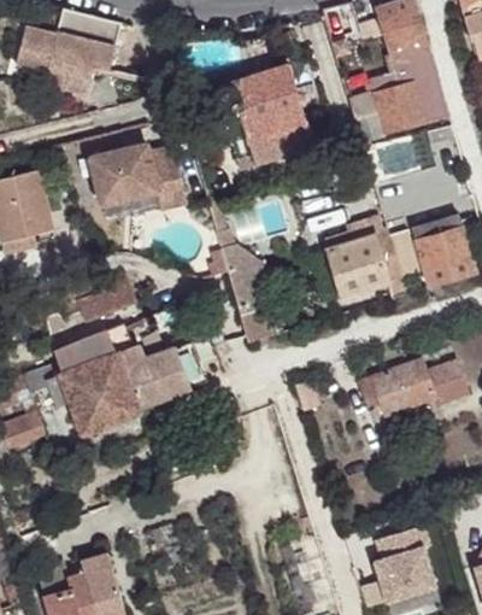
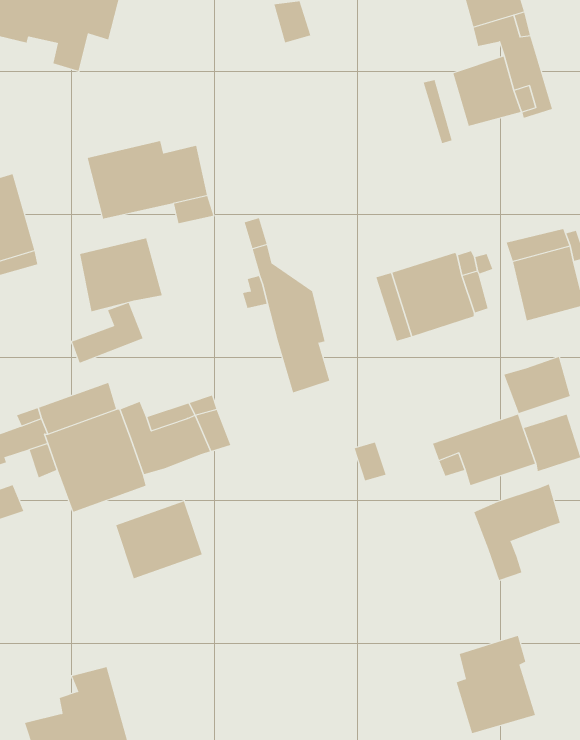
building: [211,64,319,166] -> none
building: none -> [80,238,162,312]
building: none -> [504,356,571,414]
building: none -> [474,484,561,581]
building: none -> [115,501,202,579]

